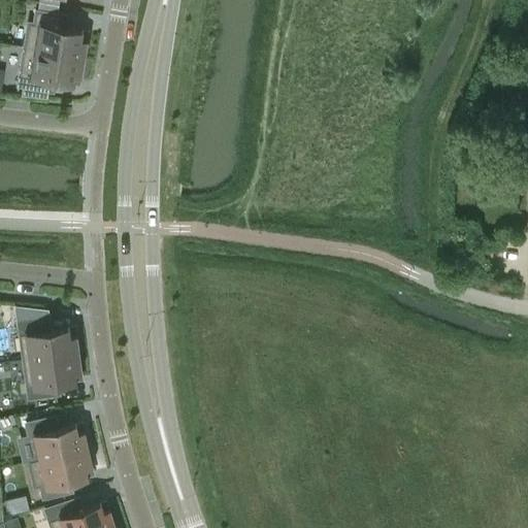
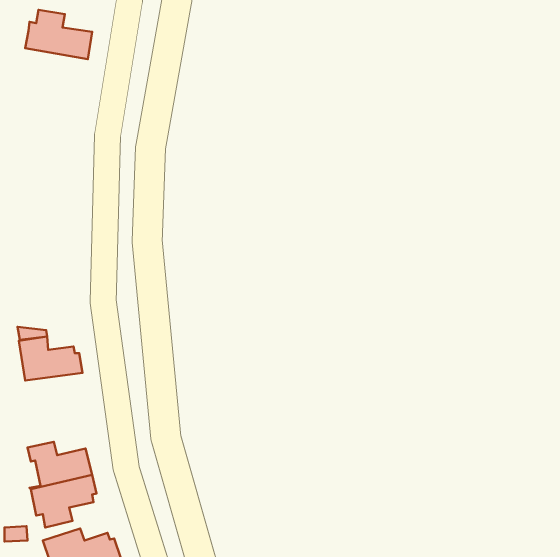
building: [19,48,84,92] -> none
building: [25,354,79,399] -> none

